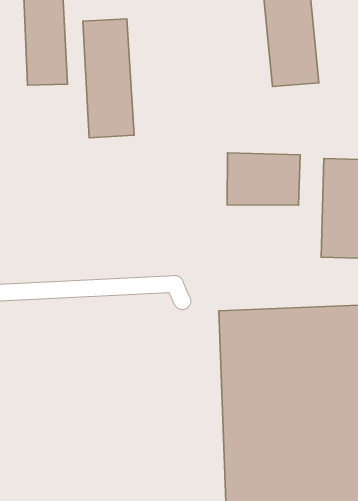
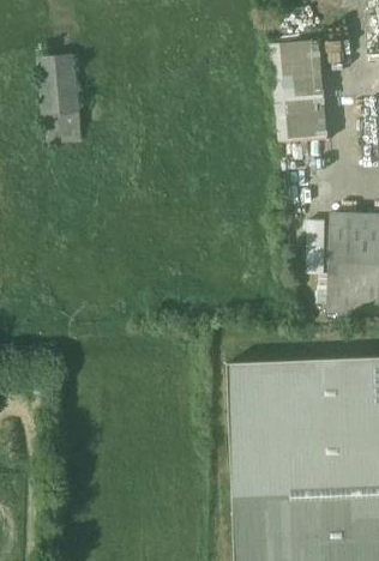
building: [83,19,134,138] -> none
building: [227,153,300,205] -> none

